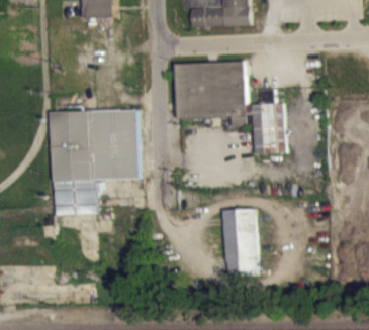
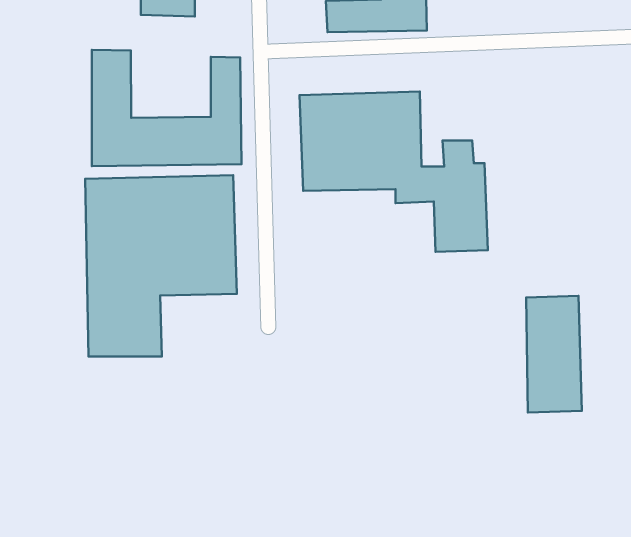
building: none -> [92,50,242,166]
building: [219,208,252,276] -> [526,296,582,413]

